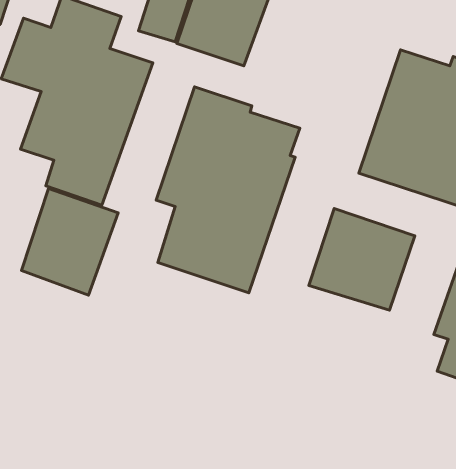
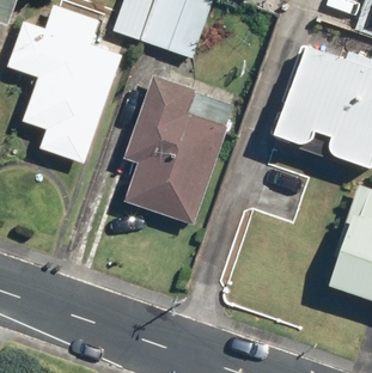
building: [21,189,118,295] -> none
building: [309,208,415,310] -> none

